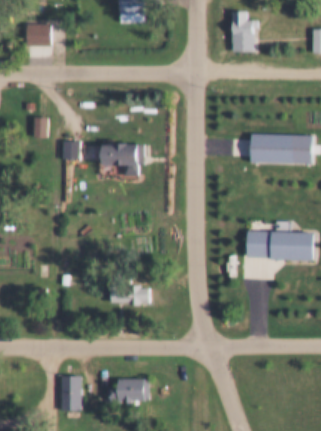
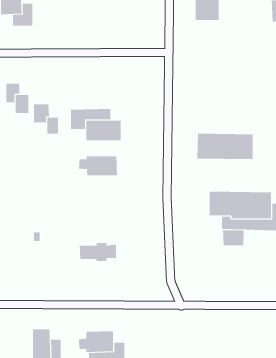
building: [249,133,309,161] -> [196,133,253,160]
building: none -> [78,156,118,176]
building: none -> [223,229,244,246]

